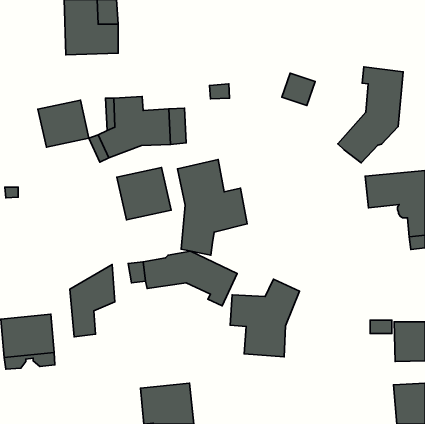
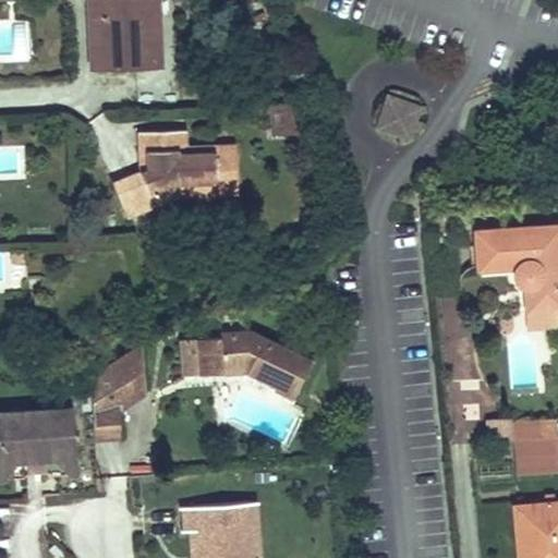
building: [338,67,403,163] -> none
building: [38,100,89,147] -> none
building: [177,159,247,255] -> none
building: [117,168,171,220] -> none
building: [230,279,300,357] -> none

